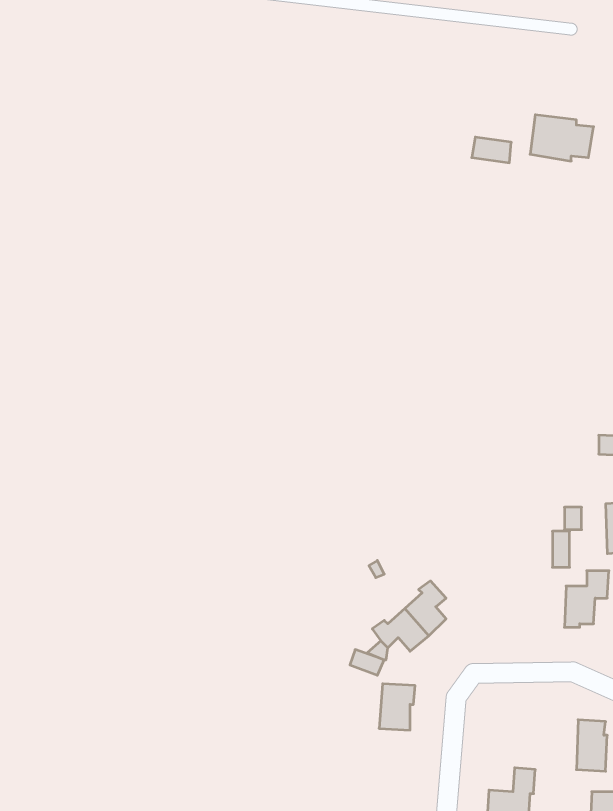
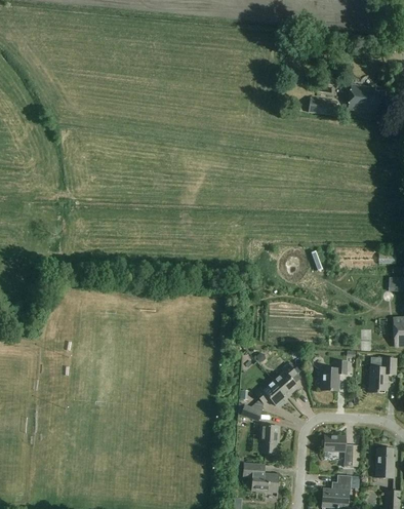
building: none -> [320,361,347,390]
building: none -> [324,435,353,465]
building: none -> [242,463,277,492]

